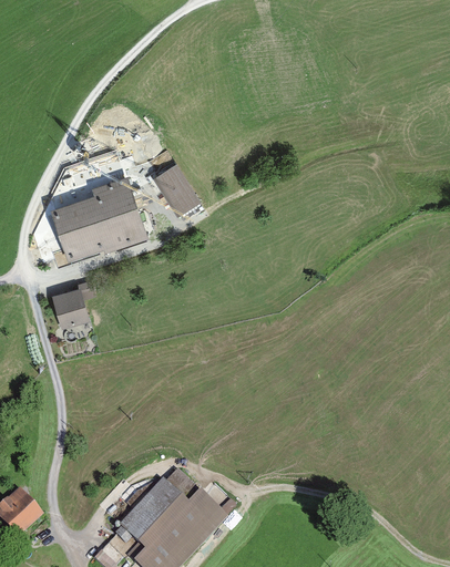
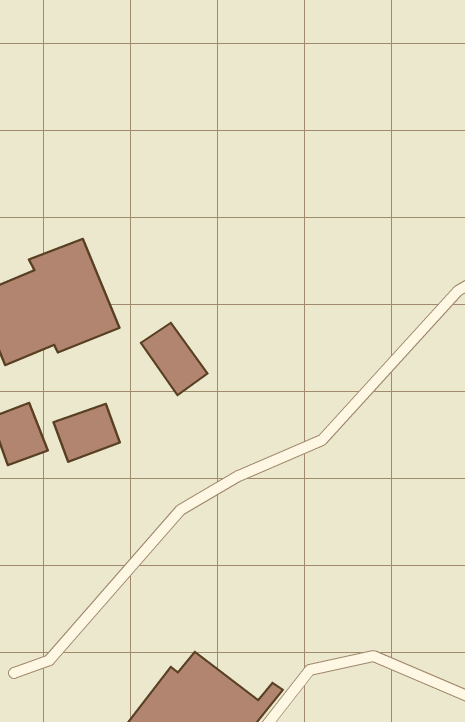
building: [154,165,198,216] -> [141,323,207,395]
building: none -> [54,404,120,462]

